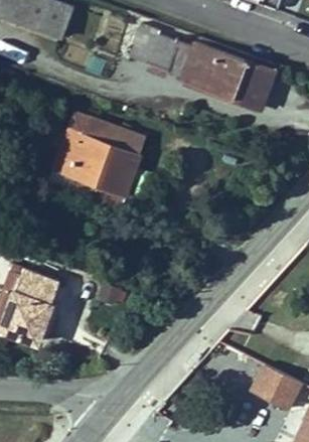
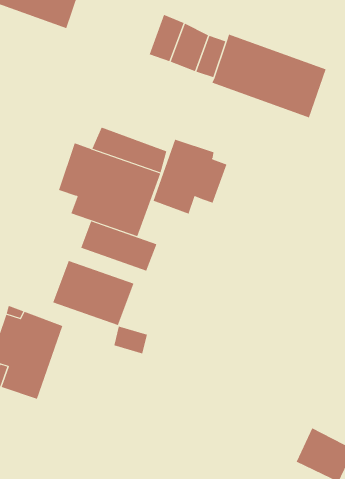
building: none -> [153,139,227,214]
building: none -> [80,221,157,271]
building: none -> [53,260,134,326]

